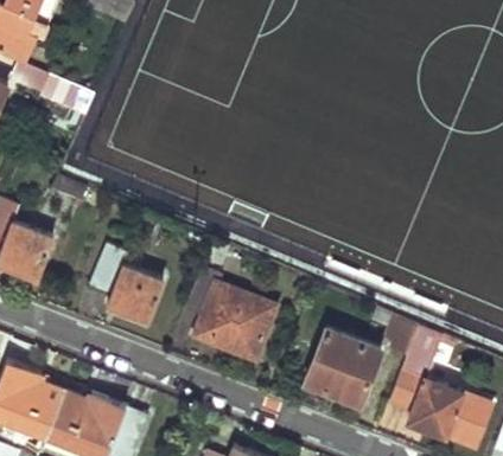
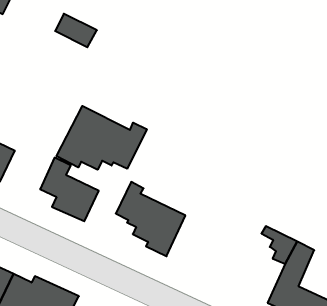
building: [39,76,93,116] -> [55,14,97,47]
building: none -> [57,106,147,170]
building: [304,325,381,400] -> none

